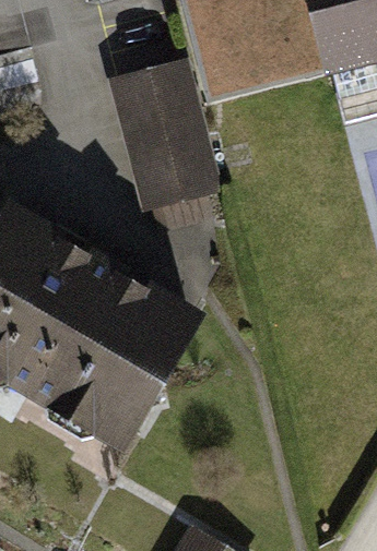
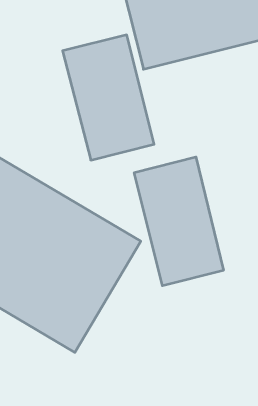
building: none -> [134,157,223,286]

